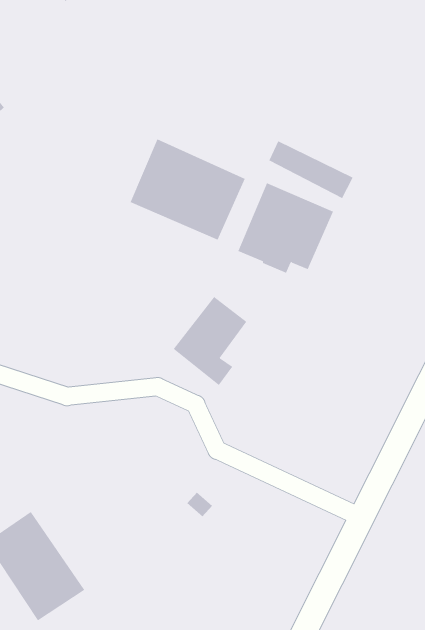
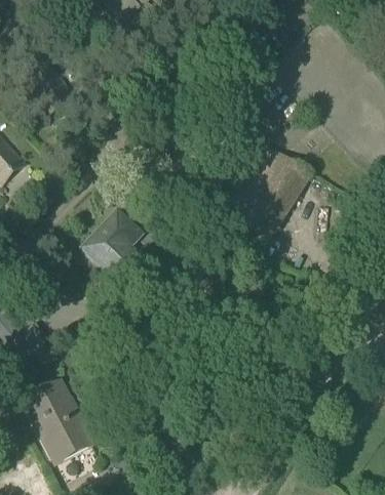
building: [130,139,245,241] -> none
building: [173,296,247,386] -> [86,210,141,274]

